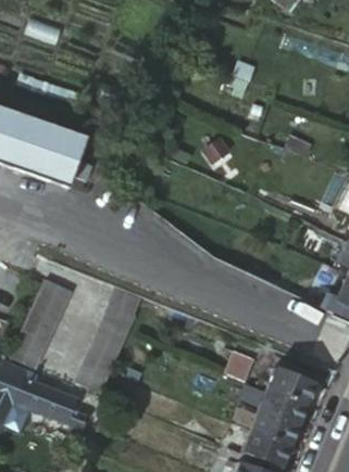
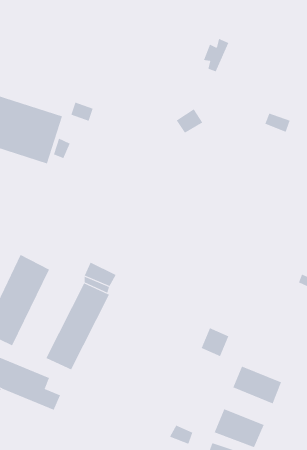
building: [267,362,316,400] -> none
building: [250,406,299,443] -> none

